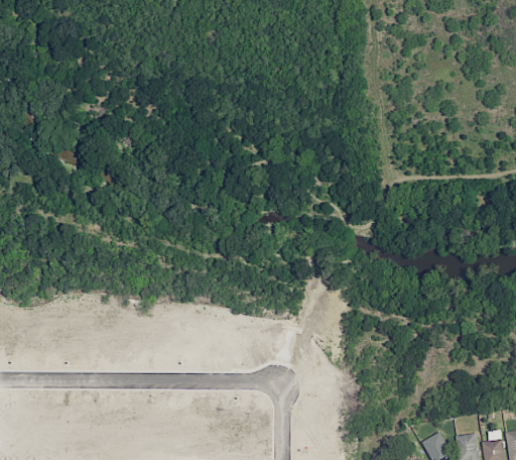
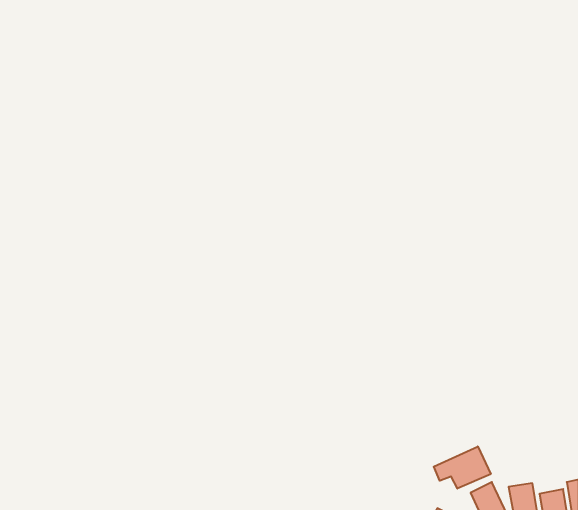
building: none -> [434,446,491,489]

